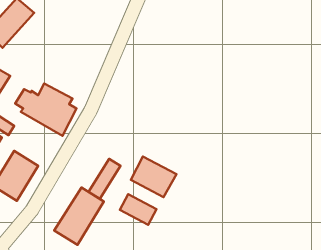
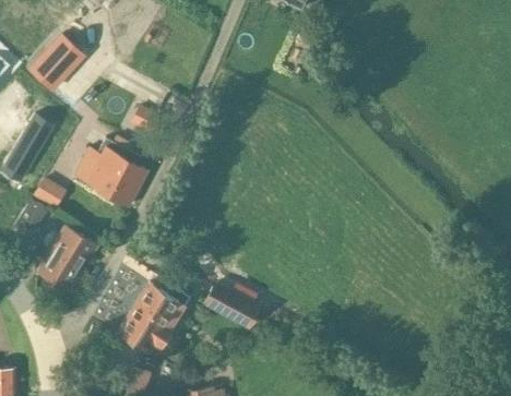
building: [131,156,176,197] -> none
building: [88,159,121,199] -> none

